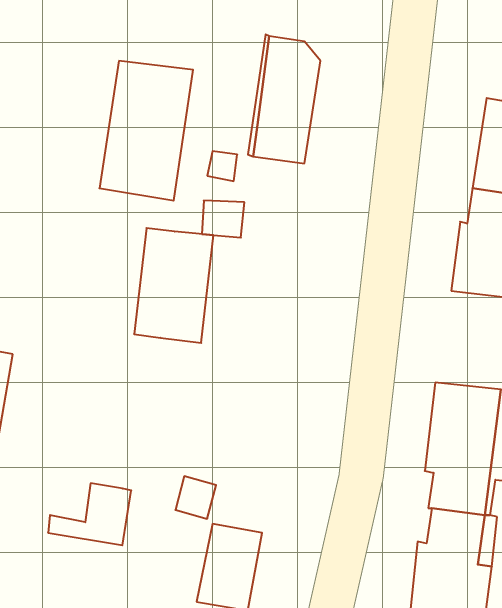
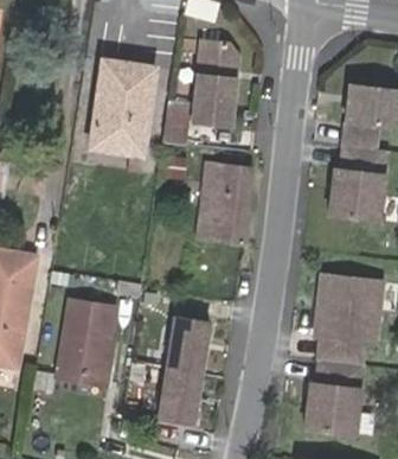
building: [134,228,214,343] -> [198,164,251,241]
building: none -> [58,301,114,369]
building: none -> [167,318,210,376]

